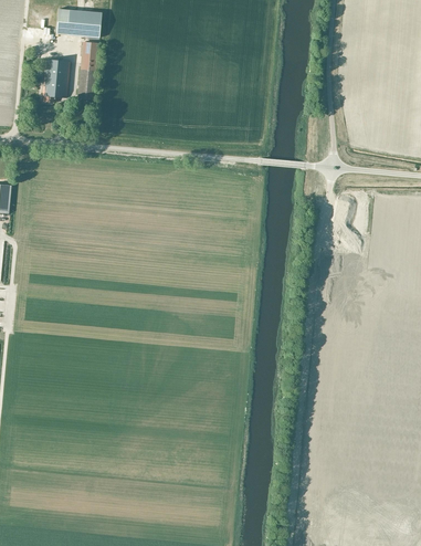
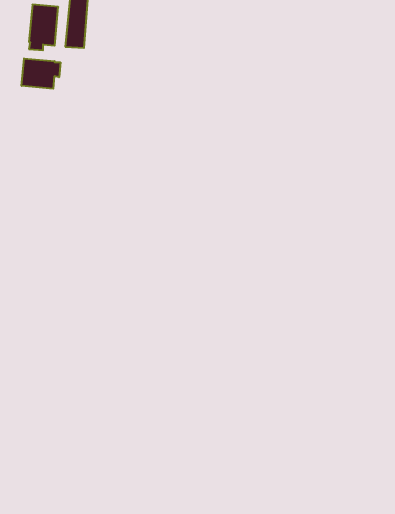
building: none -> [22,58,60,89]

